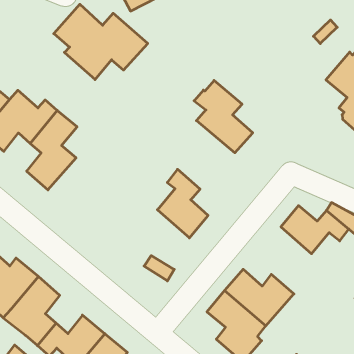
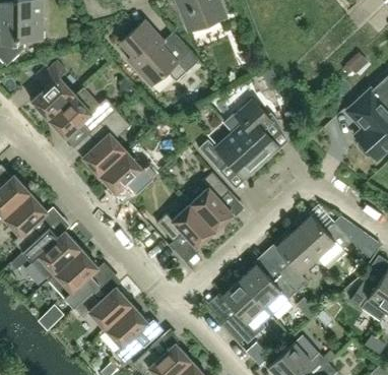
building: none -> [198,132,262,180]
building: none -> [99,151,157,194]
building: none -> [156,204,214,248]
building: none -> [275,232,317,291]

